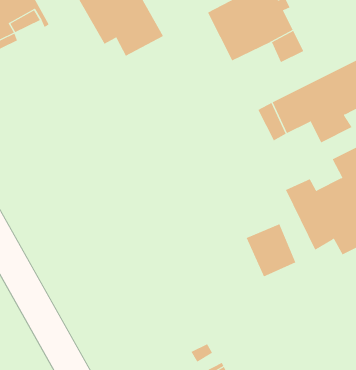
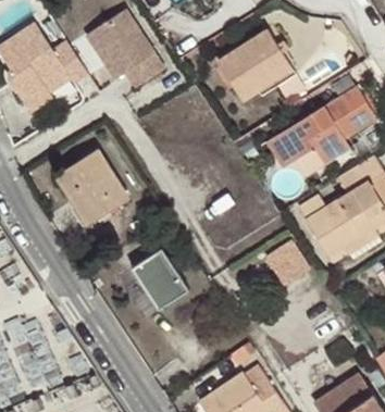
building: none -> [57,148,127,224]
building: none -> [129,248,188,310]

